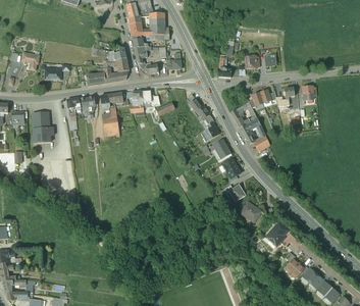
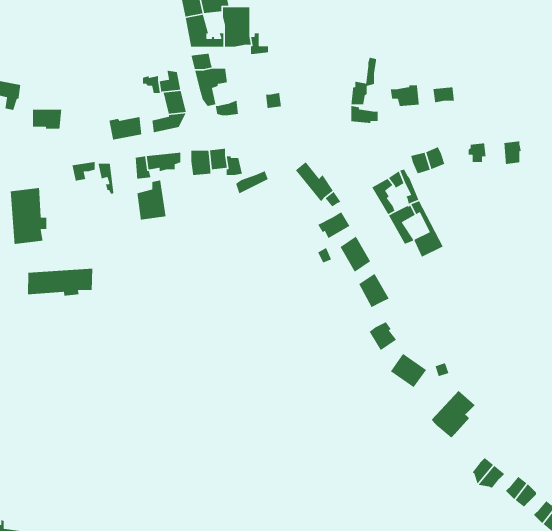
building: none -> [27,268,93,297]

